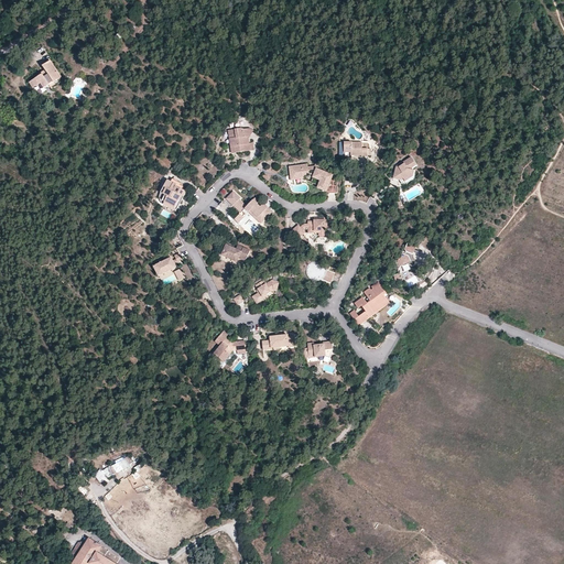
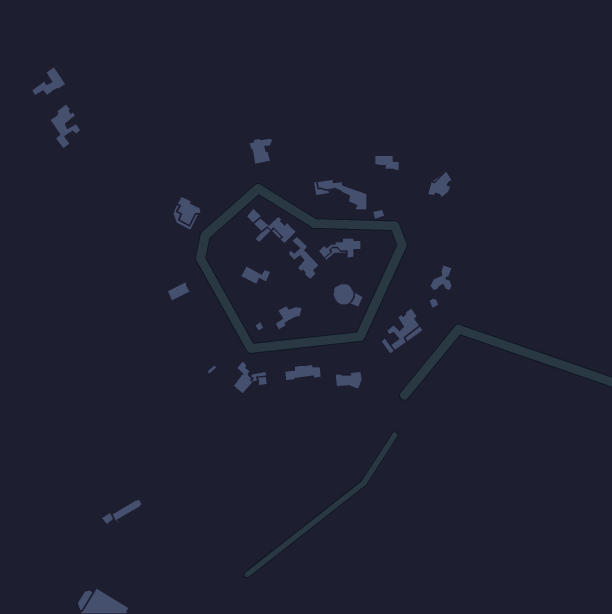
building: none -> [50,103,81,149]
building: none -> [288,236,319,280]

